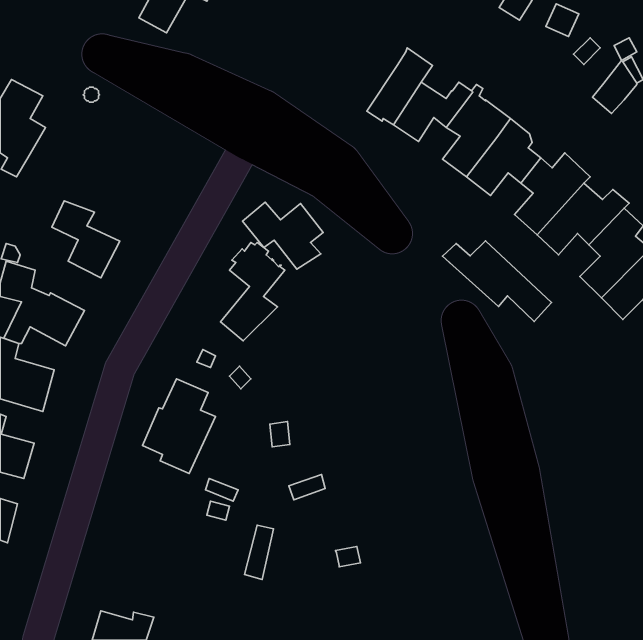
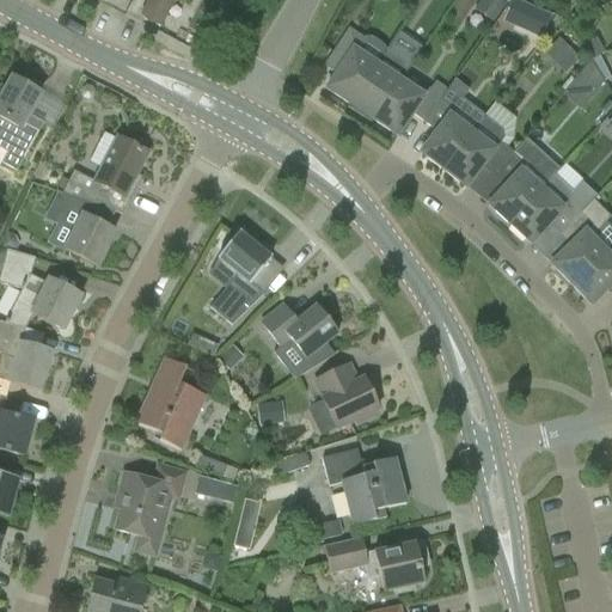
building: none -> [326,29,386,105]
building: none -> [62,129,148,212]
building: [243,202,323,269] -> [262,302,338,366]
building: [443,241,551,321] -> none
building: none -> [316,362,379,427]
building: none -> [323,447,406,525]
building: none -> [116,463,186,556]
building: none -> [324,536,429,592]

